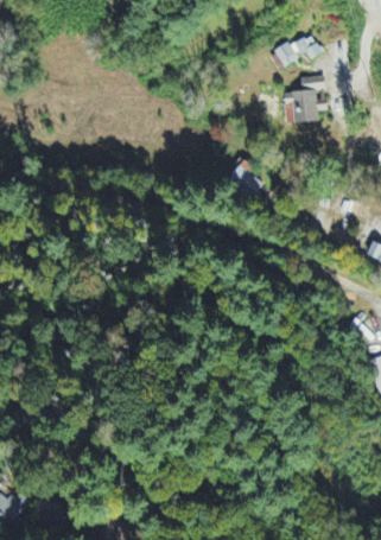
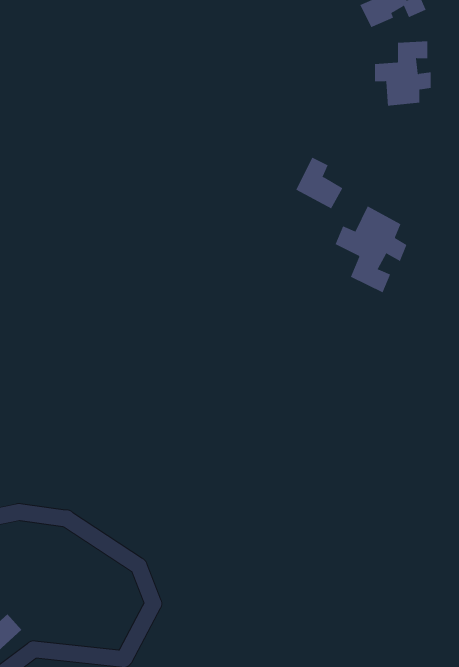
building: none -> [335,206,407,293]

